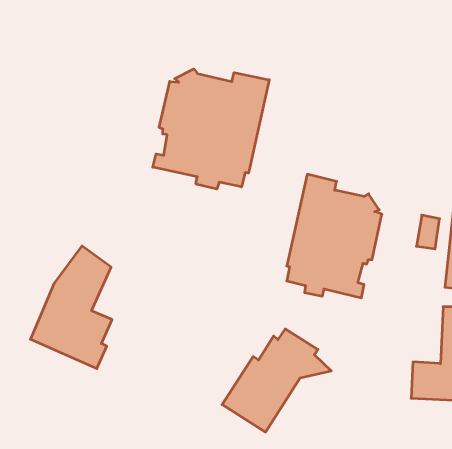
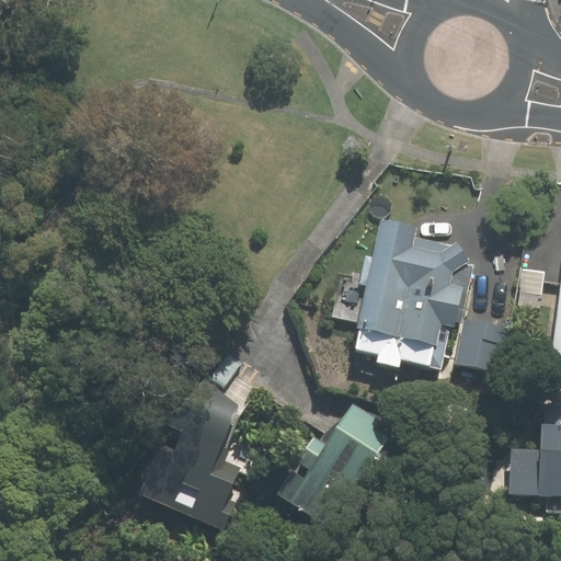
building: [153,69,269,189] -> none
building: [30,246,112,369] -> [139,381,240,533]

